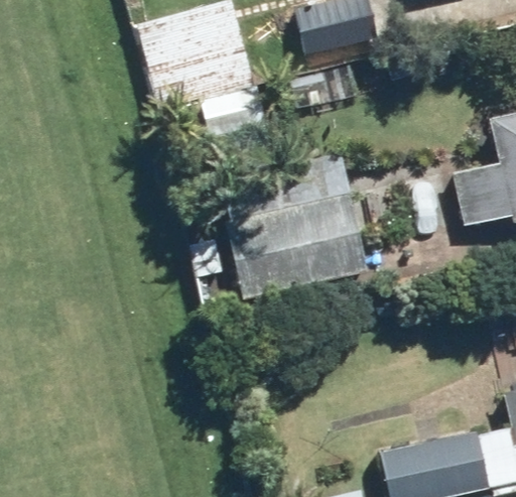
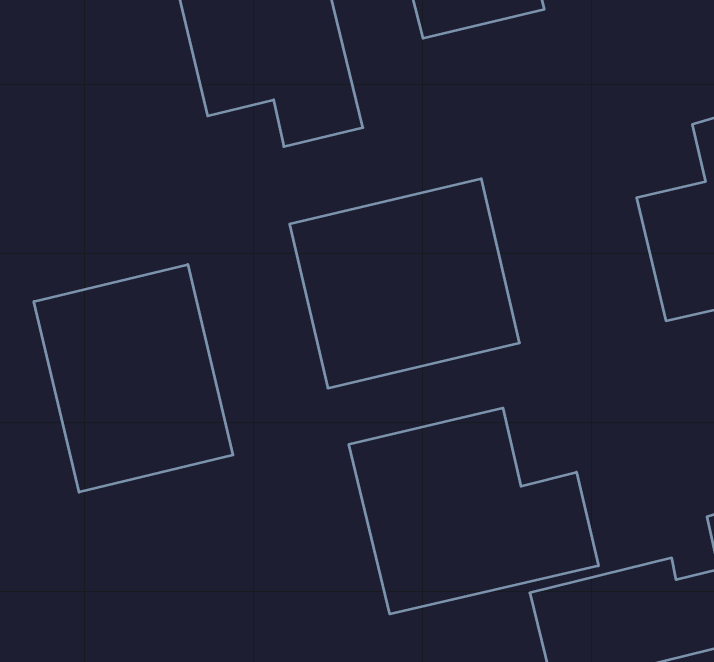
building: none -> [34,264,233,492]
building: none -> [349,408,598,614]

